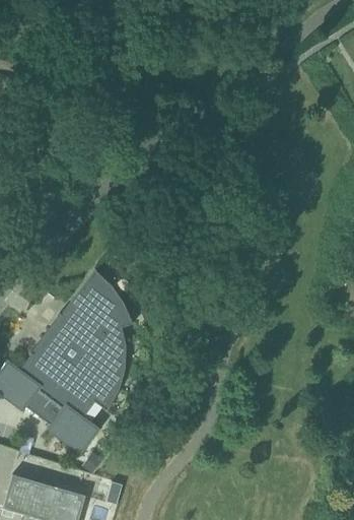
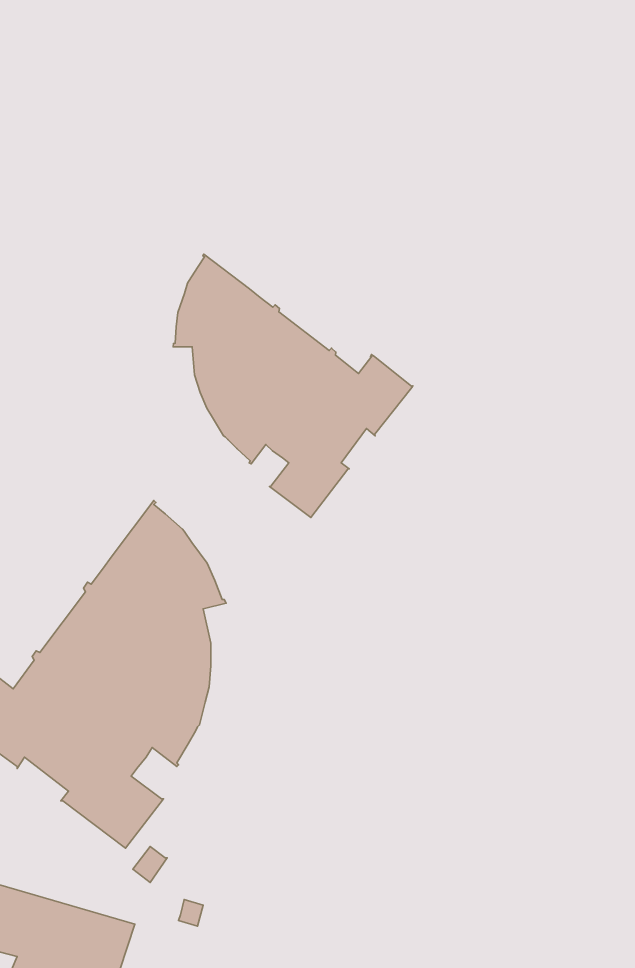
building: none -> [173,254,413,518]

